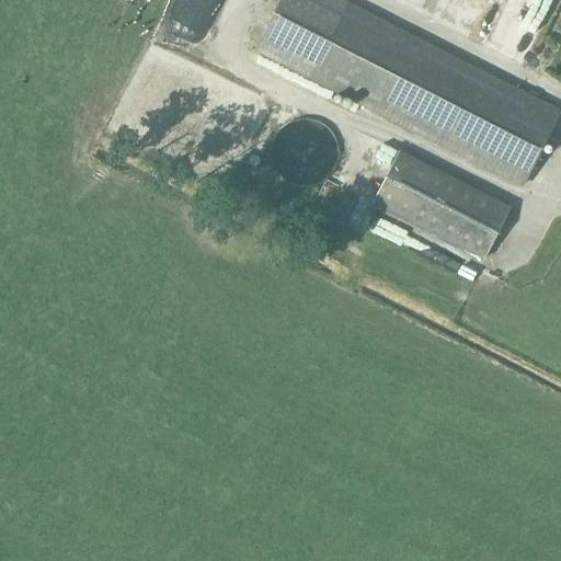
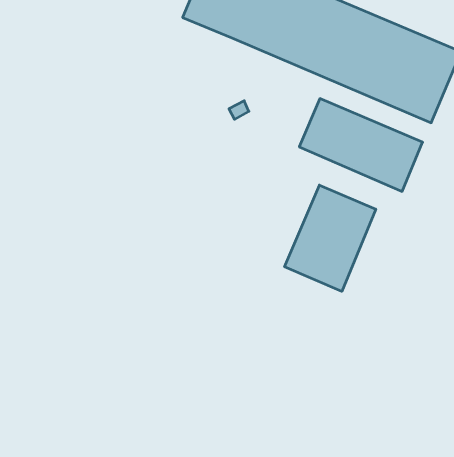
building: none -> [285,185,376,291]

